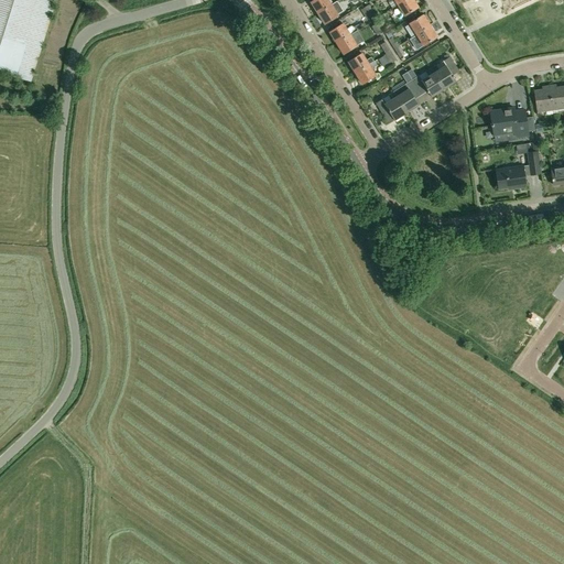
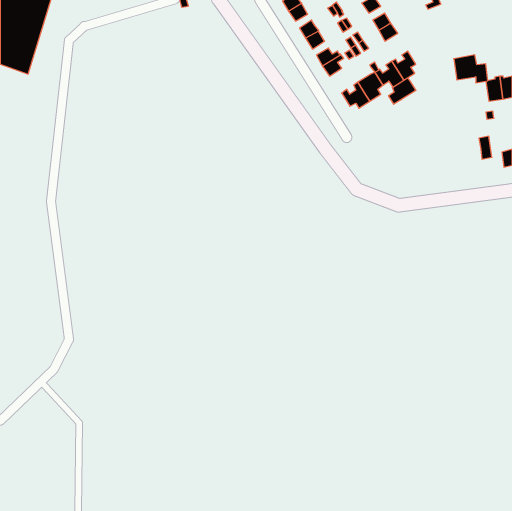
building: none -> [389,78,416,104]
building: [490,106,528,137] -> [454,55,488,83]
building: [496,164,525,187] -> none

